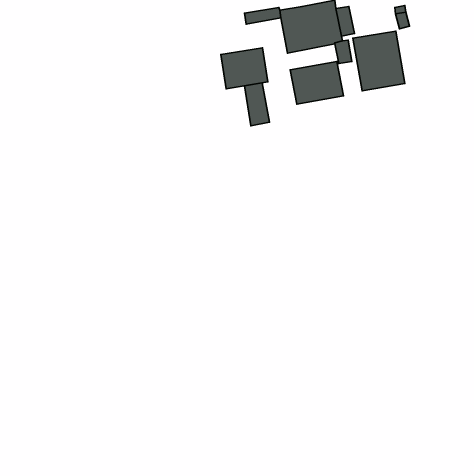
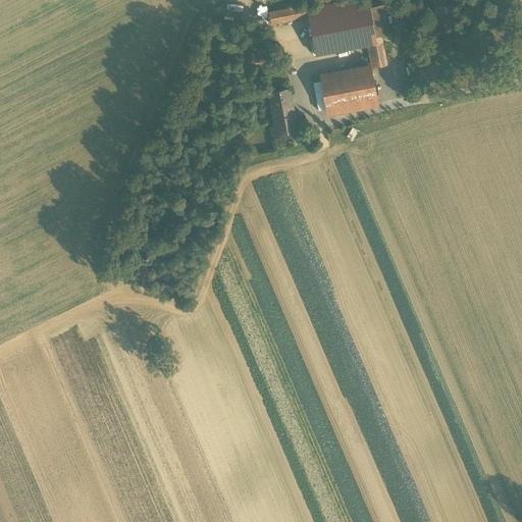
building: [353,31,405,91] -> none
building: [221,48,268,89] -> none

